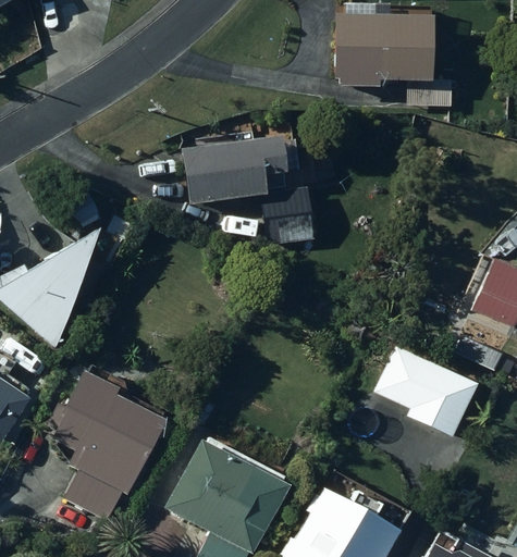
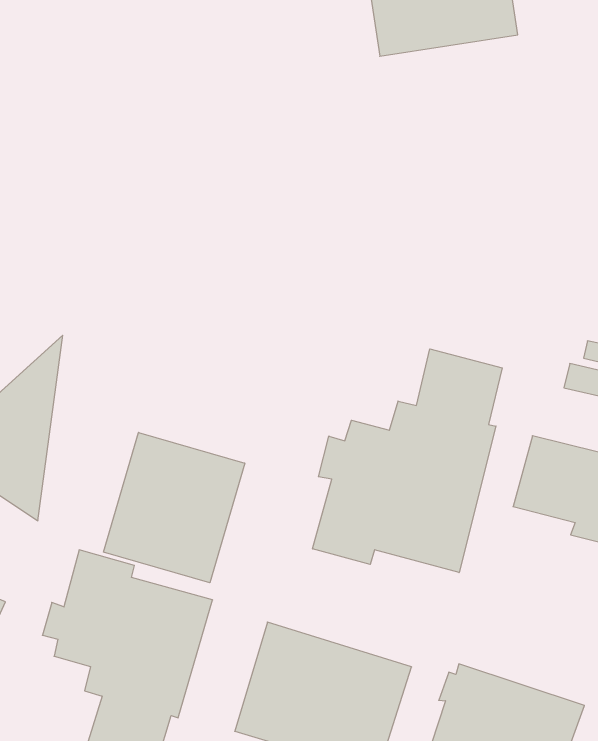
building: [181,135,317,246] -> none
building: none -> [313,349,502,573]
building: none -> [104,432,245,583]

